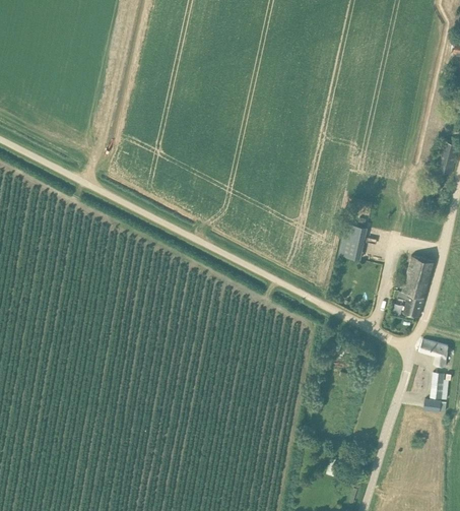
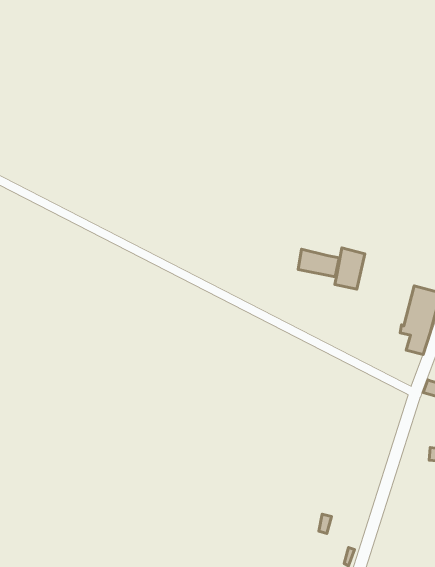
building: none -> [298,249,339,277]

